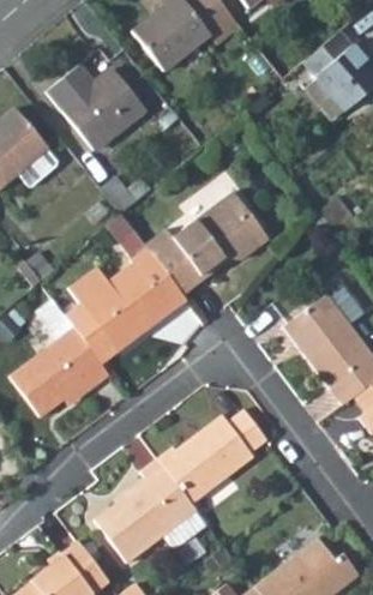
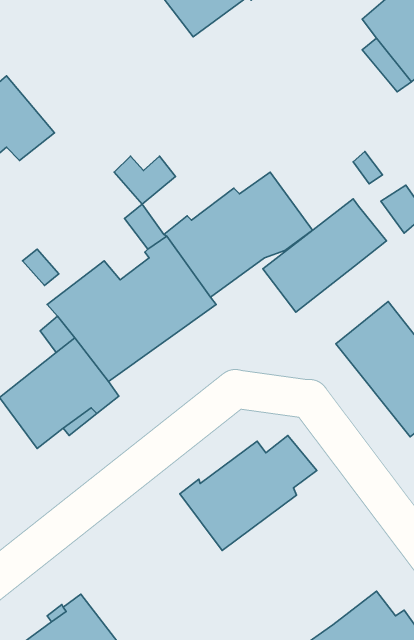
building: [44,64,144,150] -> none
building: none -> [263,199,387,312]
building: [94,455,207,560] -> none

